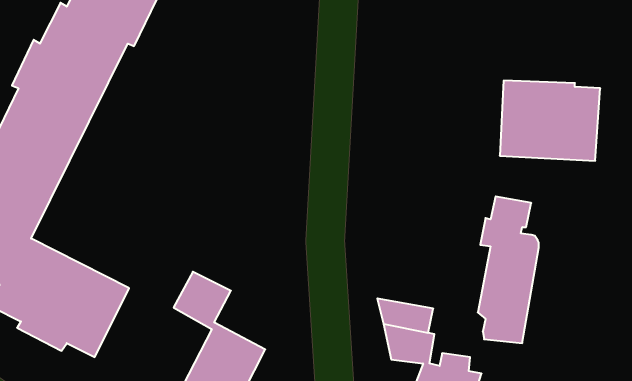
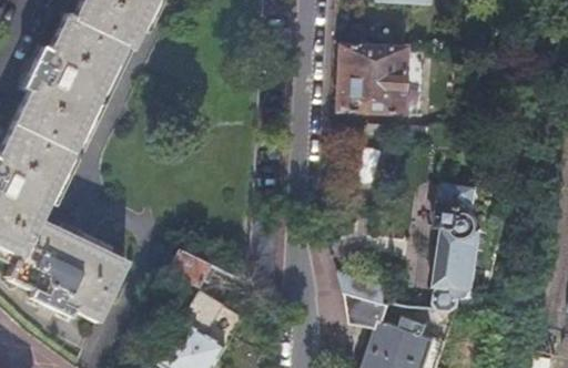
building: [500,81,600,161] -> [336,44,424,114]

